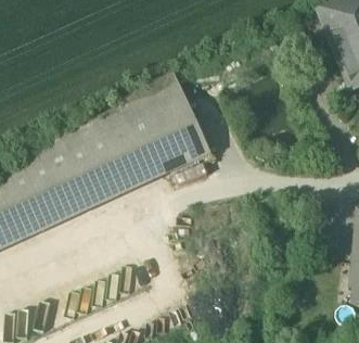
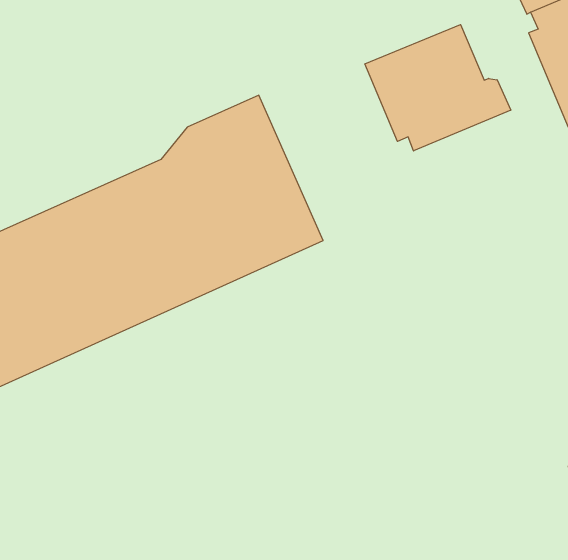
building: none -> [365,25,511,151]

